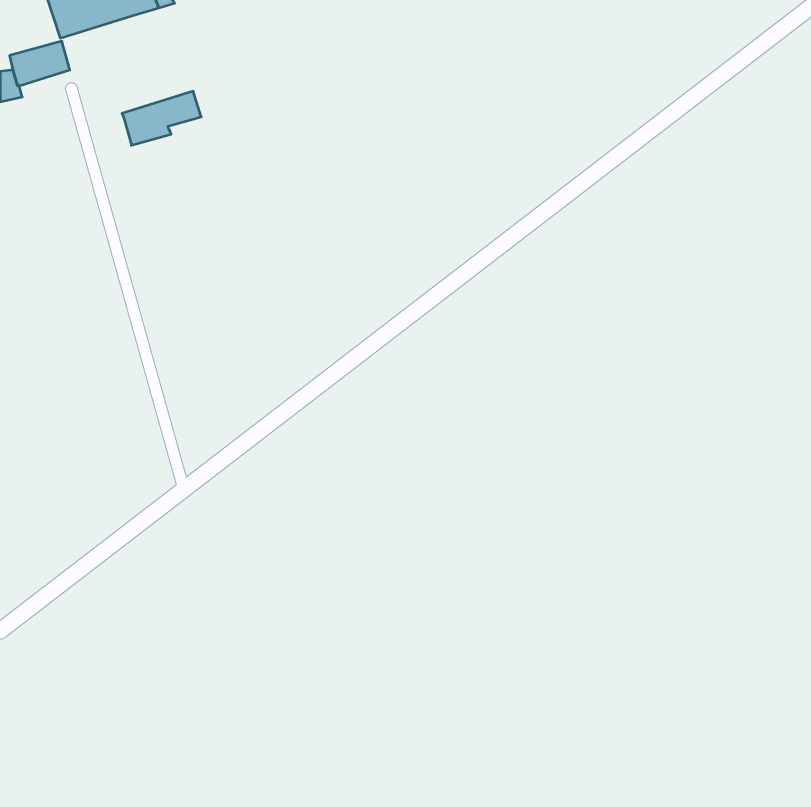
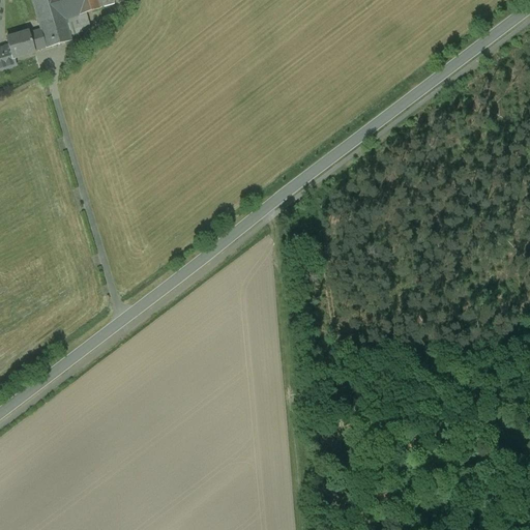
building: [122,91,201,145] -> [39,10,91,46]

